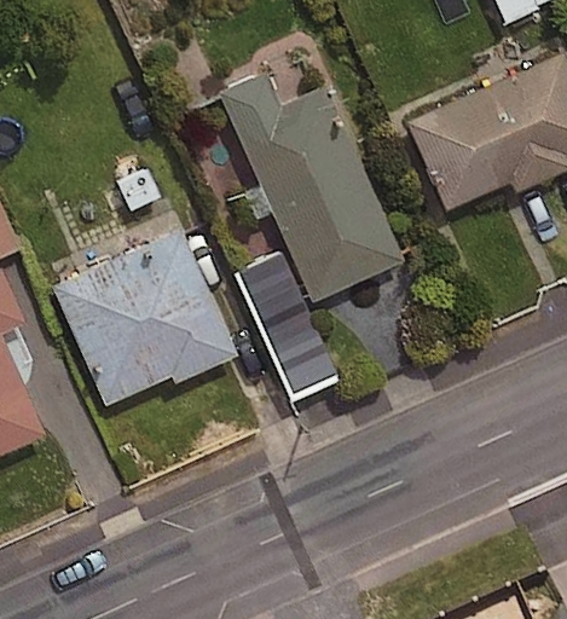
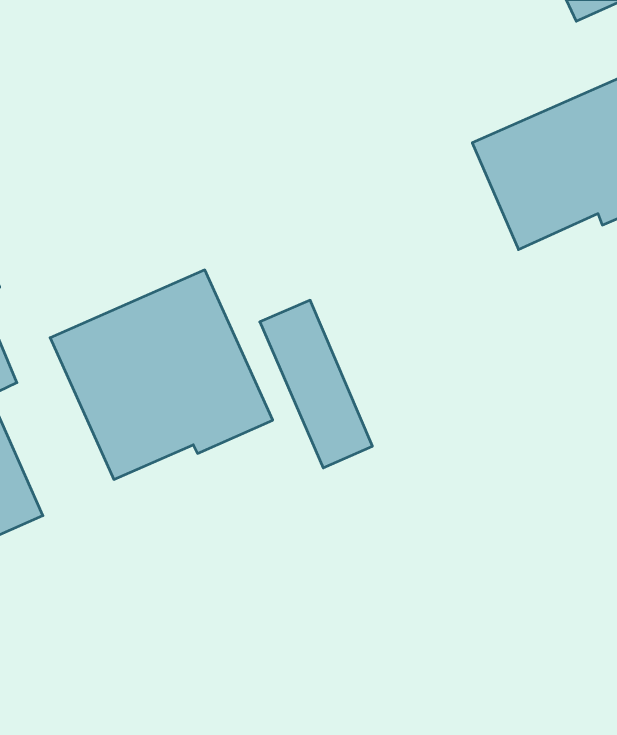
building: [220,73,407,303] -> none

